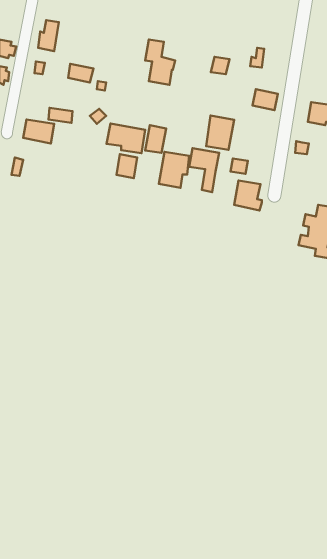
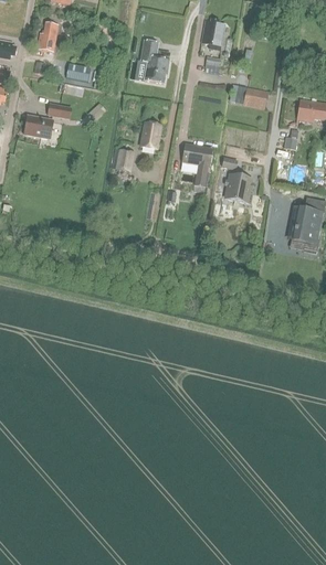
building: none -> [201,18,224,45]
building: [206,116,234,150] -> none
building: [106,124,145,153] -> none
building: [159,152,189,188] -> none

